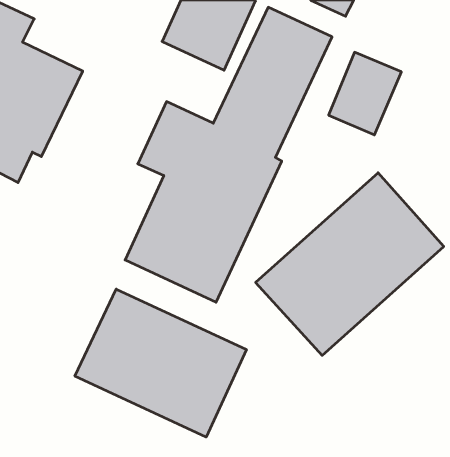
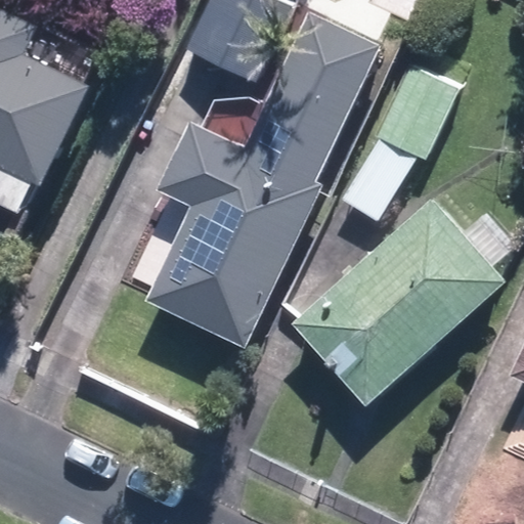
building: [75,289,246,437] -> none

